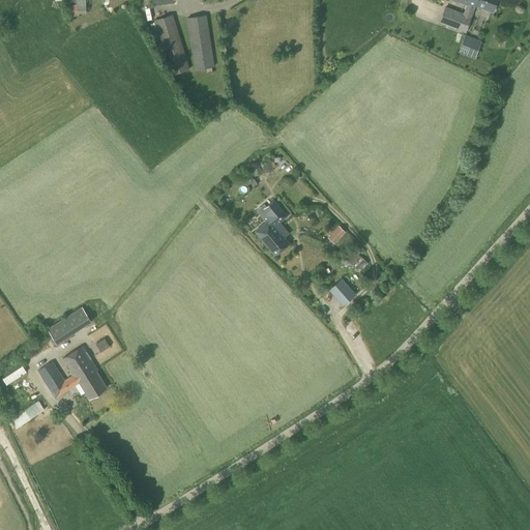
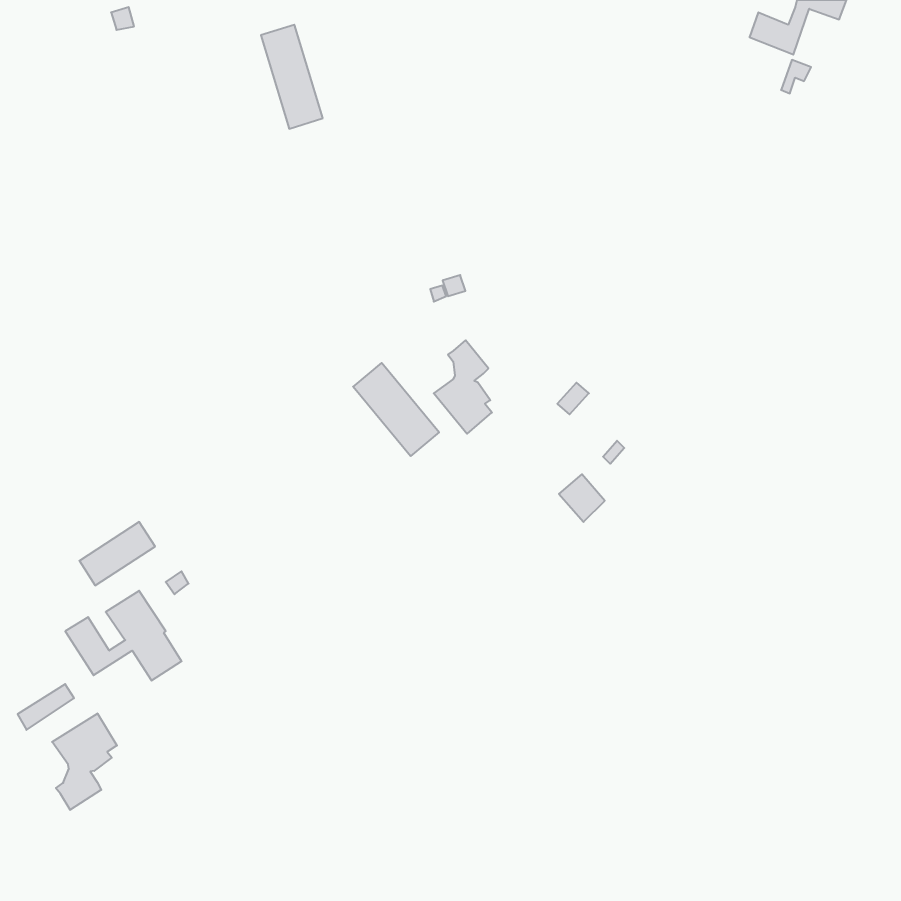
building: [187,14,214,69] -> none
building: none -> [353,363,439,456]
building: none -> [52,713,117,810]

